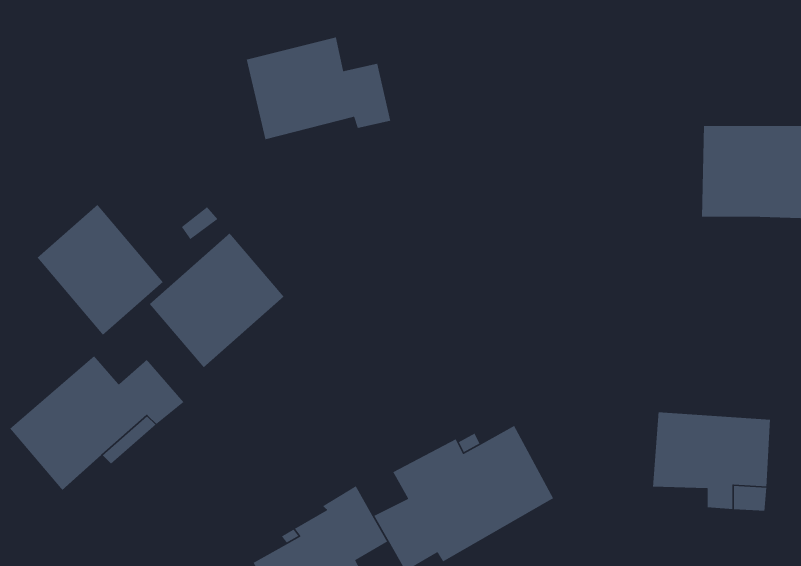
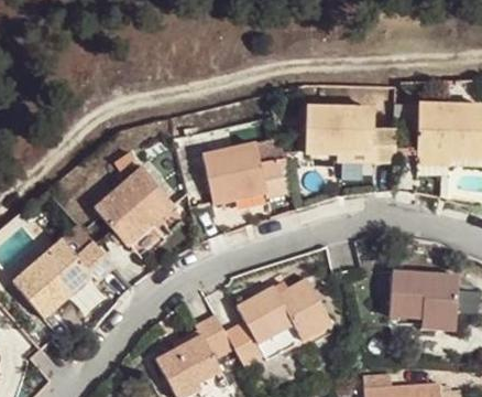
building: [246,36,391,140] -> [202,142,287,203]
building: none -> [305,107,395,154]
building: [36,204,164,336] -> none

